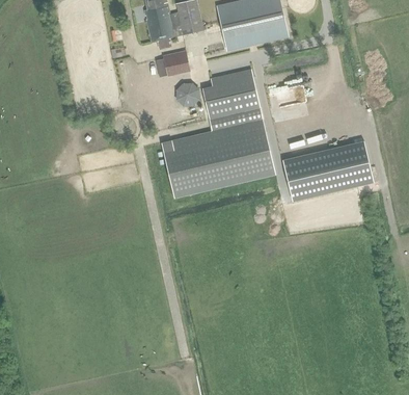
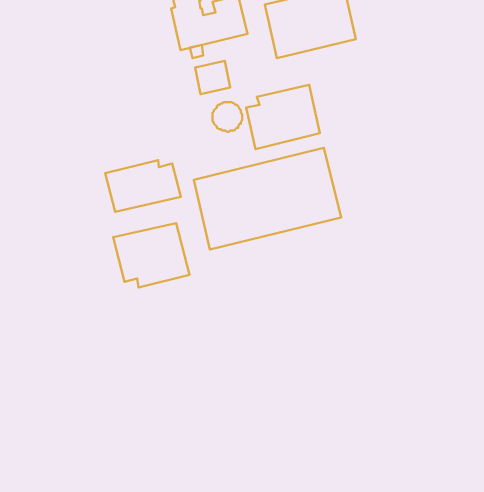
building: none -> [105,160,181,212]
building: [282,141,373,201] -> none
building: none -> [113,223,189,287]

